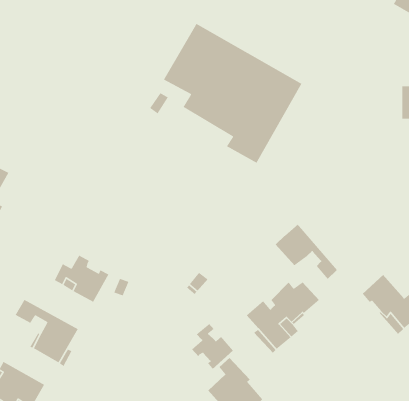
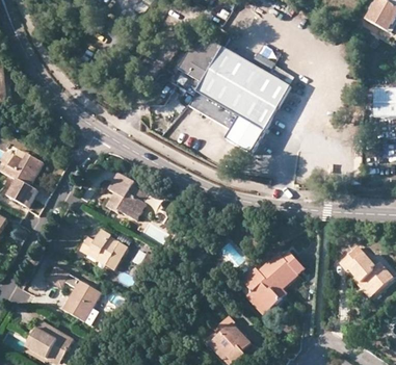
building: none -> [105,172,148,219]
building: [275,224,338,280] -> none
building: [191,323,234,370] -> none

